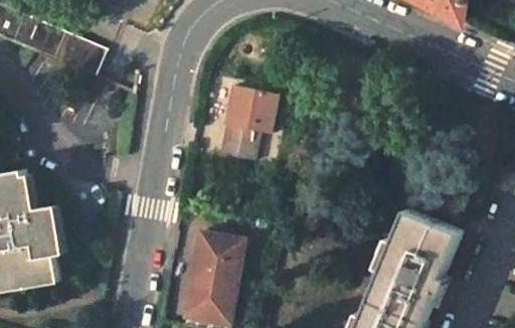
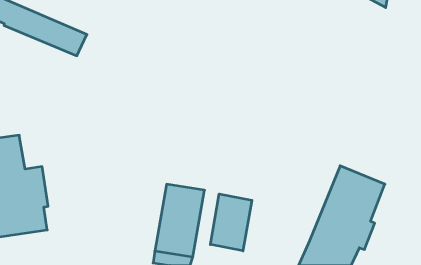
building: [218,84,278,159] -> none
building: none -> [210,194,252,251]

